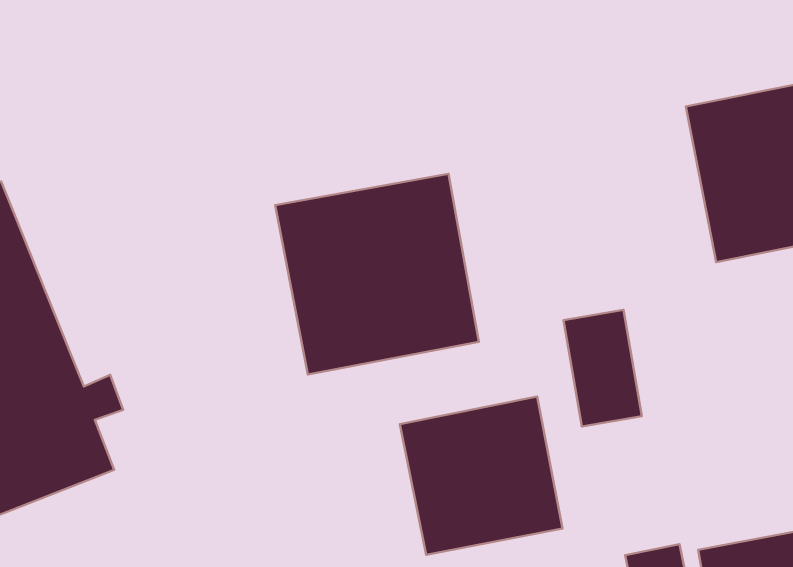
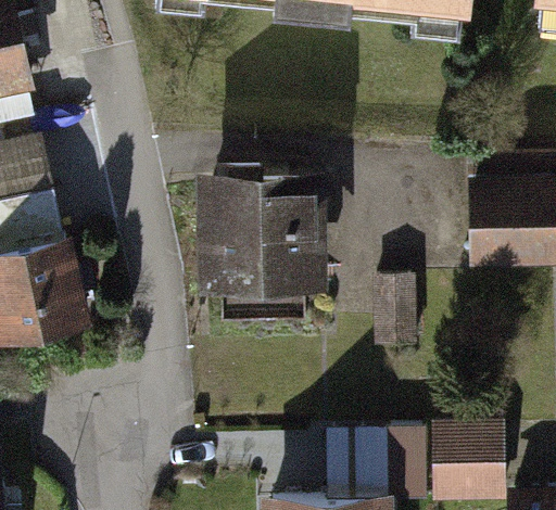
building: [400,396,562,555] -> none

